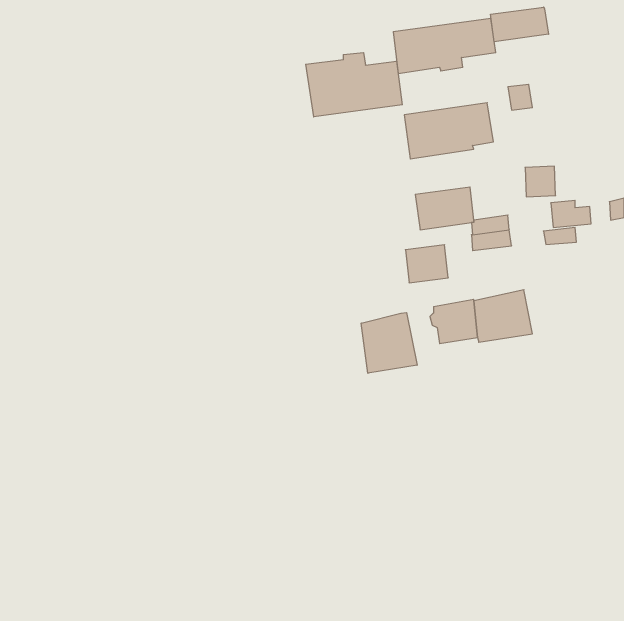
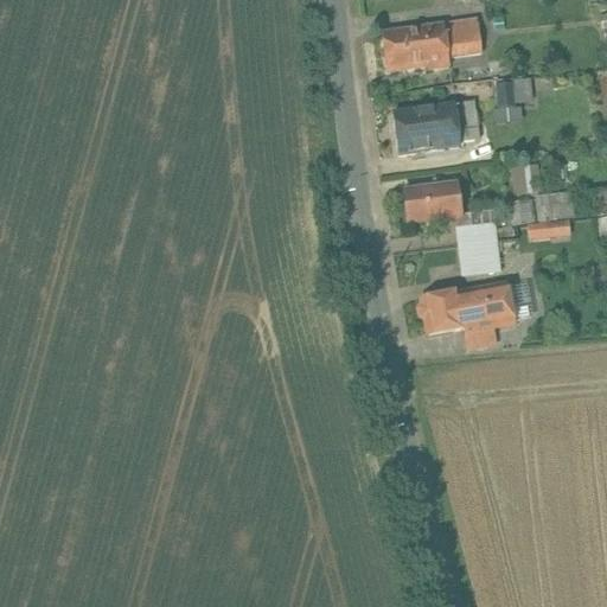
building: [491,7,549,42] -> none
building: [306,53,402,117] -> none
building: [405,245,448,283] -> [459,238,500,275]
building: [361,313,417,373] -> none

